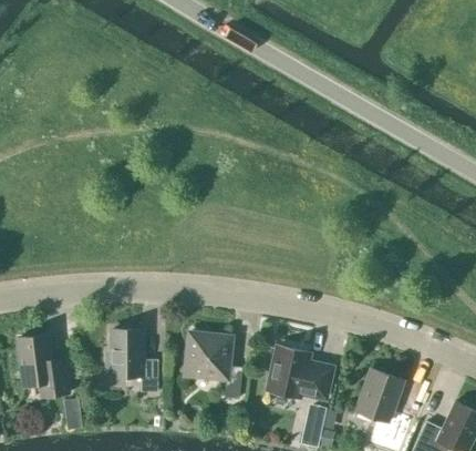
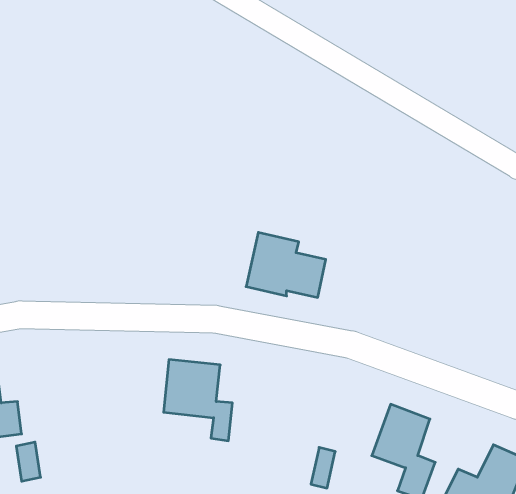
building: [106,329,157,391] -> none
building: [267,345,332,398] -> [246,232,326,297]

